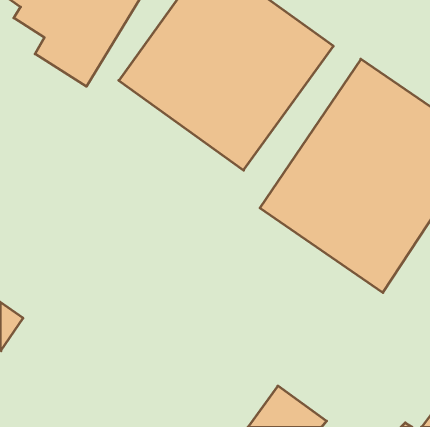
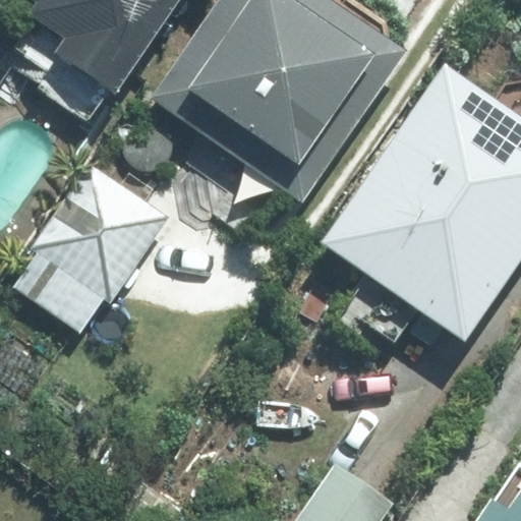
building: none -> [16,159,172,328]

